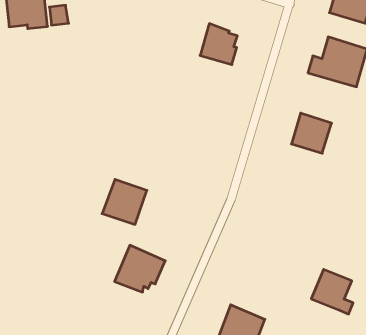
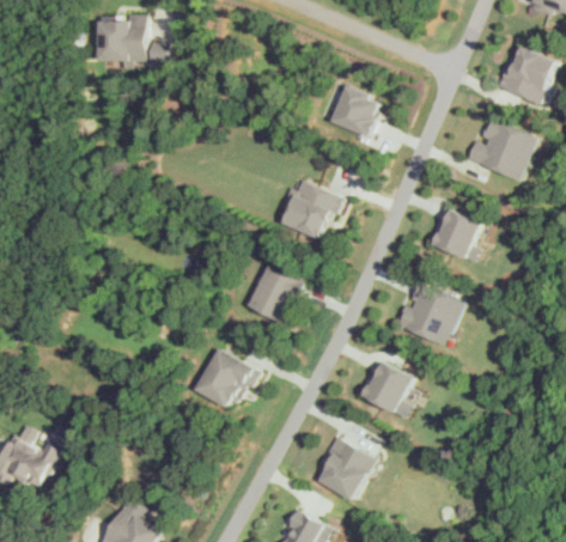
building: none -> [281,179,342,238]
building: none -> [395,282,462,346]
building: [102,179,147,224] -> [247,266,305,324]
building: [311,269,353,314] -> [360,360,413,419]

